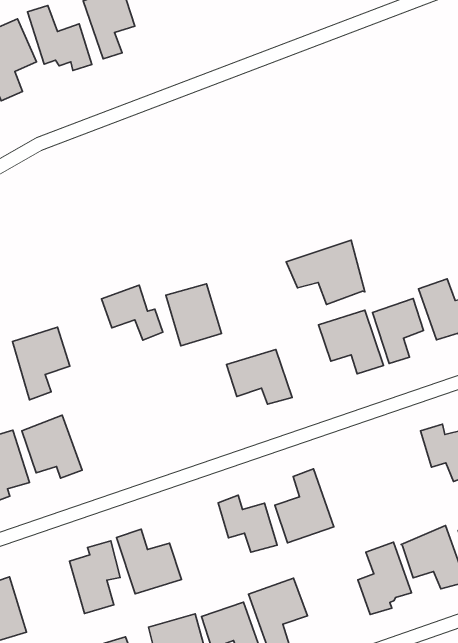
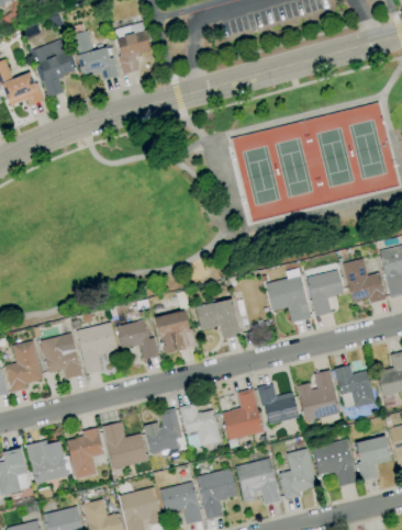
building: [286,240,365,304] -> none
building: [166,284,221,346] -> [156,311,194,354]
building: [102,285,163,340] -> [116,319,159,360]
building: [12,327,70,400] -> [77,323,118,374]
building: none -> [297,369,339,421]
building: none -> [257,383,299,424]
building: none -> [144,408,182,453]
building: none -> [235,458,280,504]
building: none -> [27,441,68,484]

